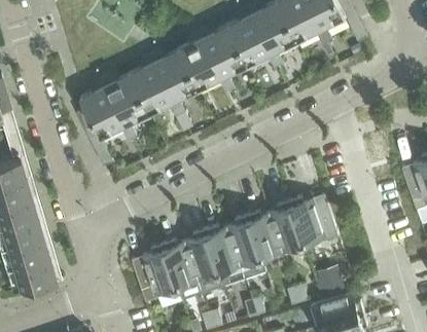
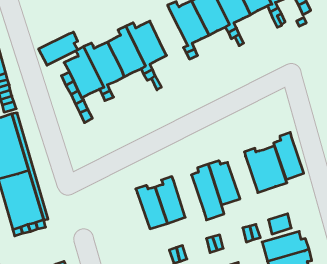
building: [178,30,222,88] -> none
building: none -> [39,32,78,65]
building: [269,200,304,255] -> [274,132,304,179]
building: [204,225,244,286] -> none
building: [130,244,178,301] -> none

